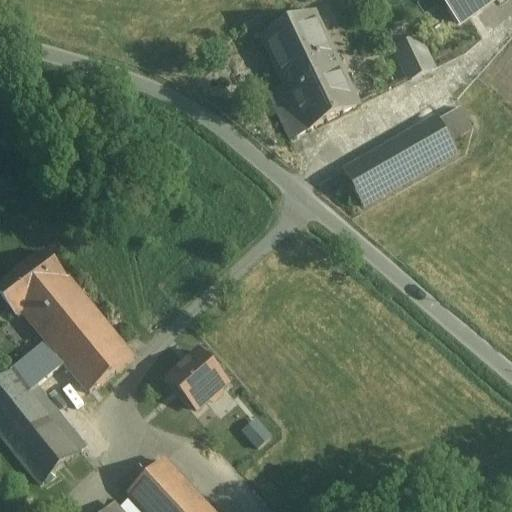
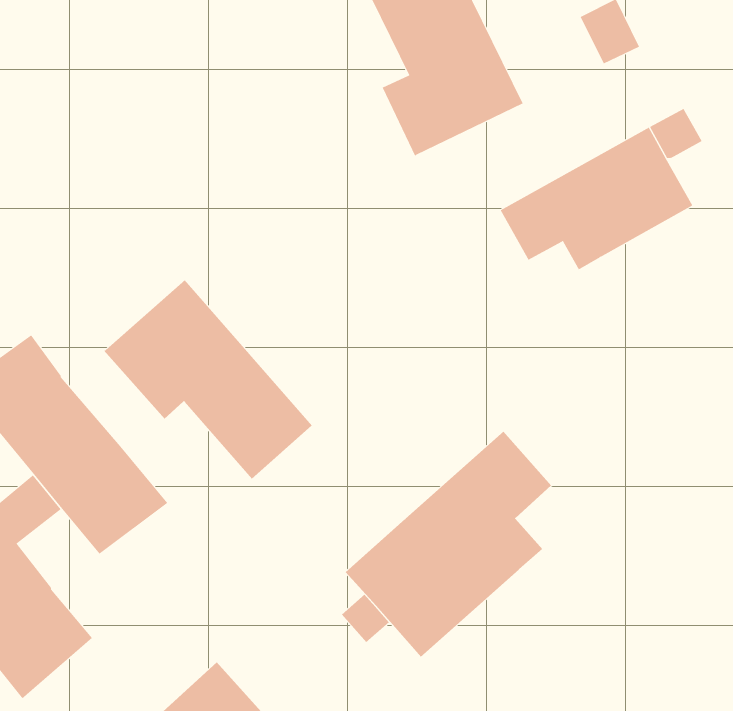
building: none -> [103,279,312,480]
building: none -> [345,431,552,658]
building: [168,349,226,407] -> none

